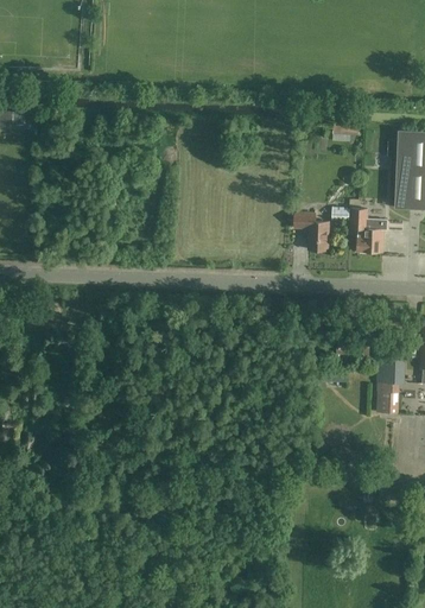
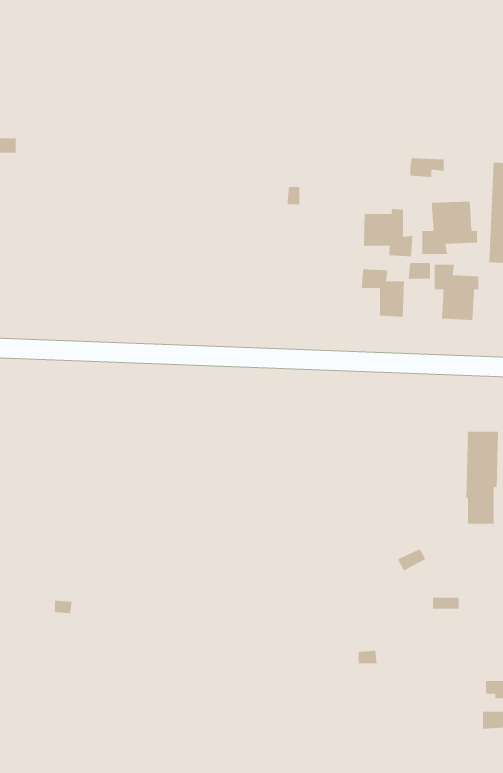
building: none -> [422,201,478,255]
building: none -> [364,208,413,257]

